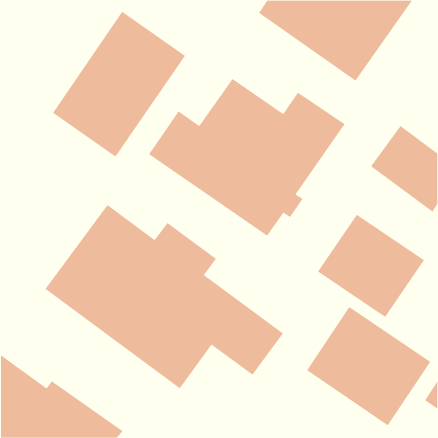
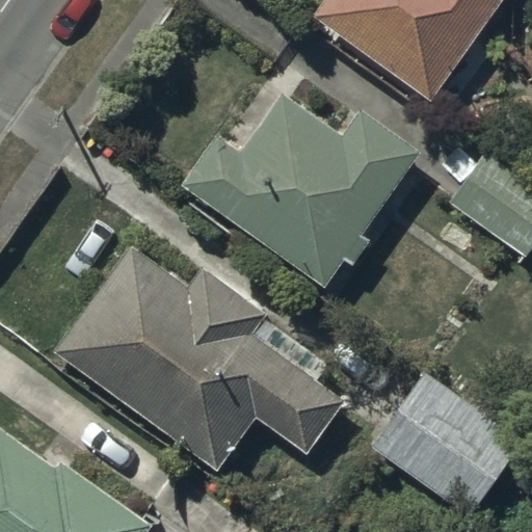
building: [52,11,186,158] -> none
building: [317,214,425,318] -> none

